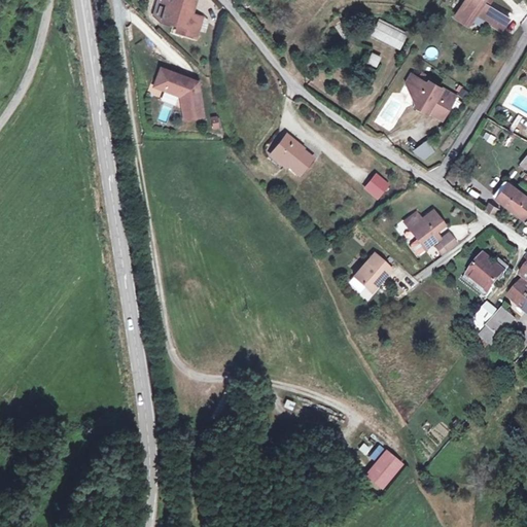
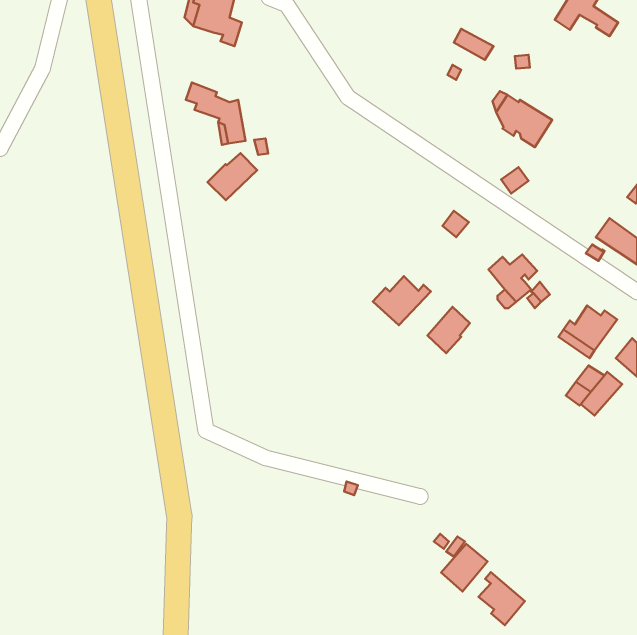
building: none -> [207,153,257,200]
building: [271,135,310,175] -> none
building: none -> [373,276,431,325]
building: none -> [479,572,525,625]

